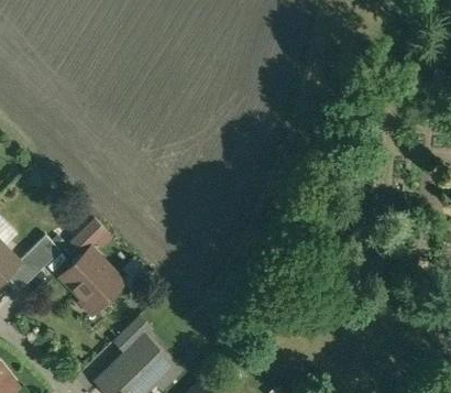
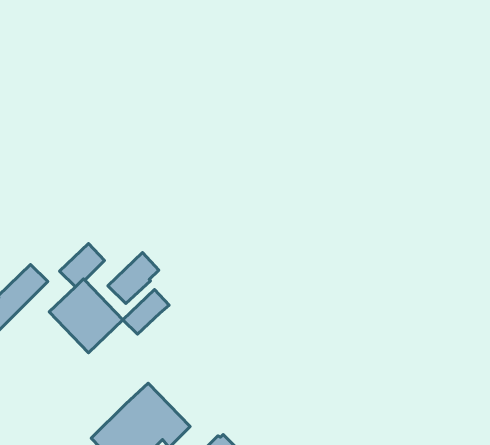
building: none -> [108,252,159,304]
building: [112,316,151,353] -> [123,289,169,334]

